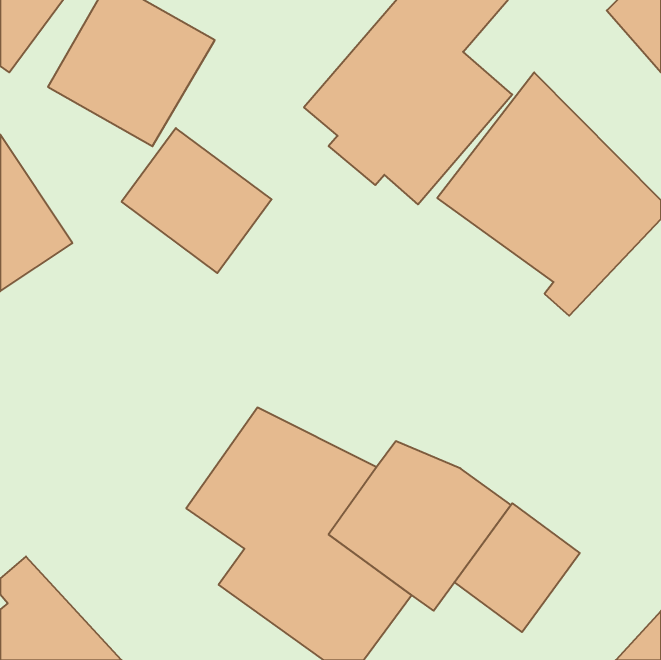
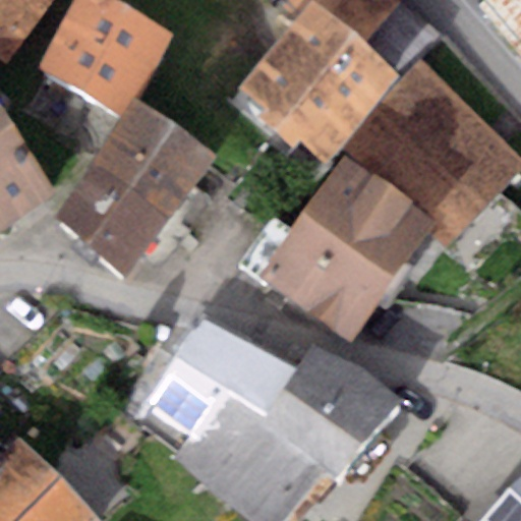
building: none -> [258,156,436,340]
building: none -> [52,159,171,273]
building: [454,503,580,632] -> none

